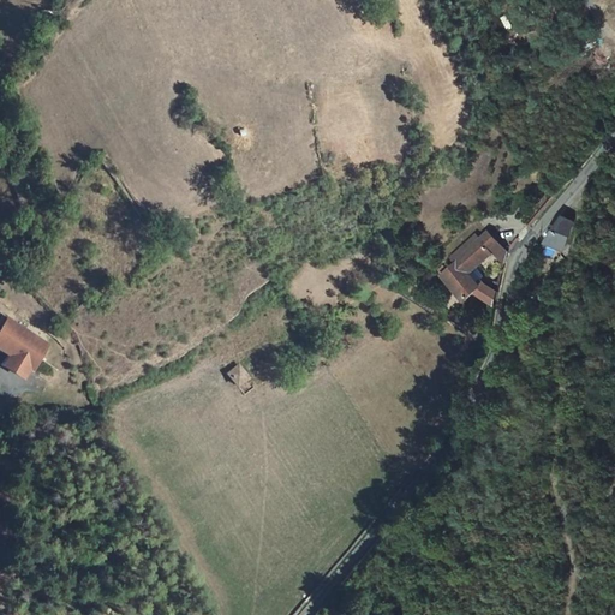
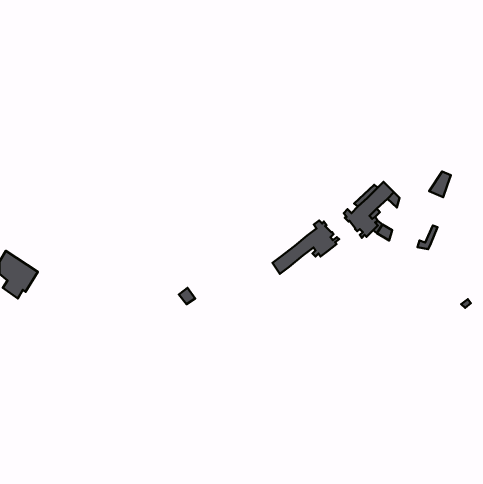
building: none -> [272,220,339,274]

